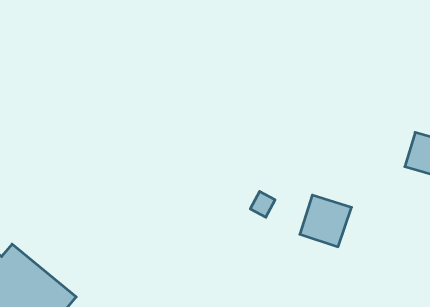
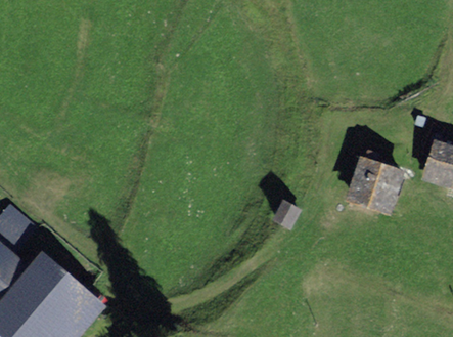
building: [300,195,352,247] -> [349,158,400,209]

